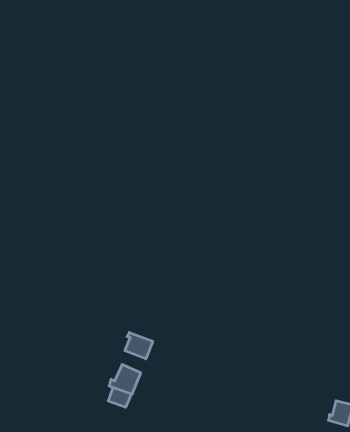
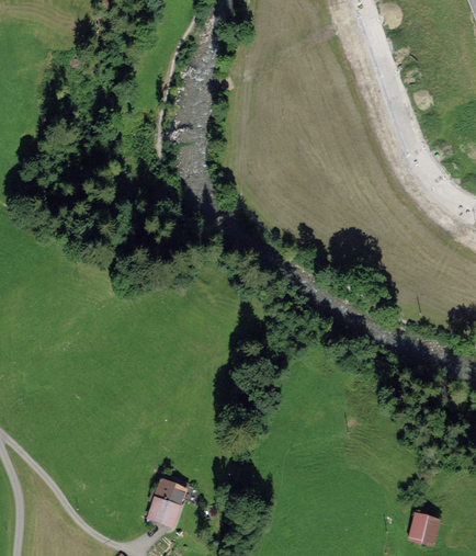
building: [125,332,153,359] -> none

